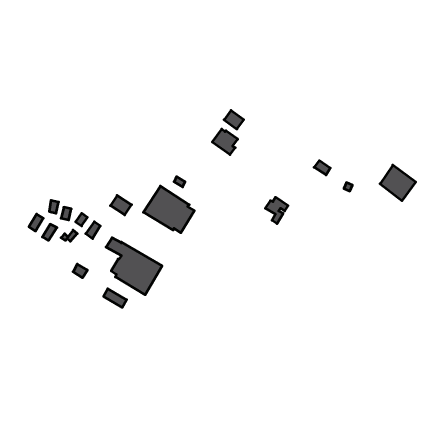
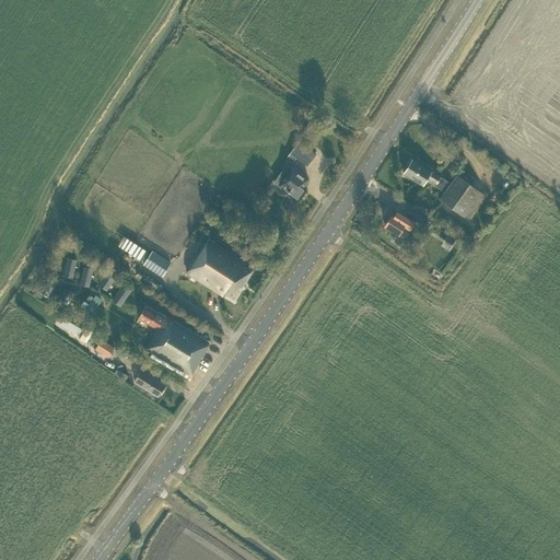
building: none -> [401,161,438,185]
building: [380,165,416,201] -> [439,175,485,221]
building: [265,197,288,224] -> [383,212,412,246]

